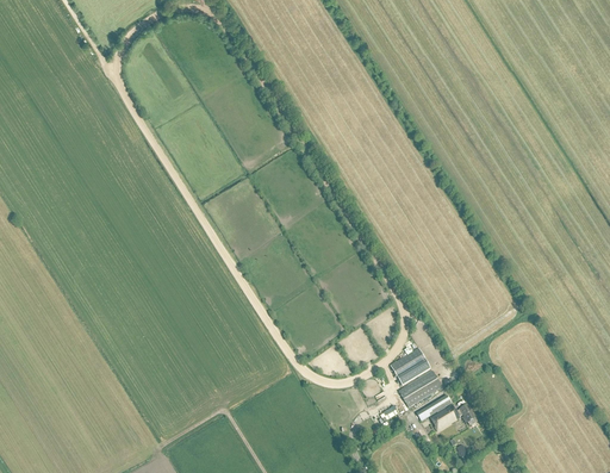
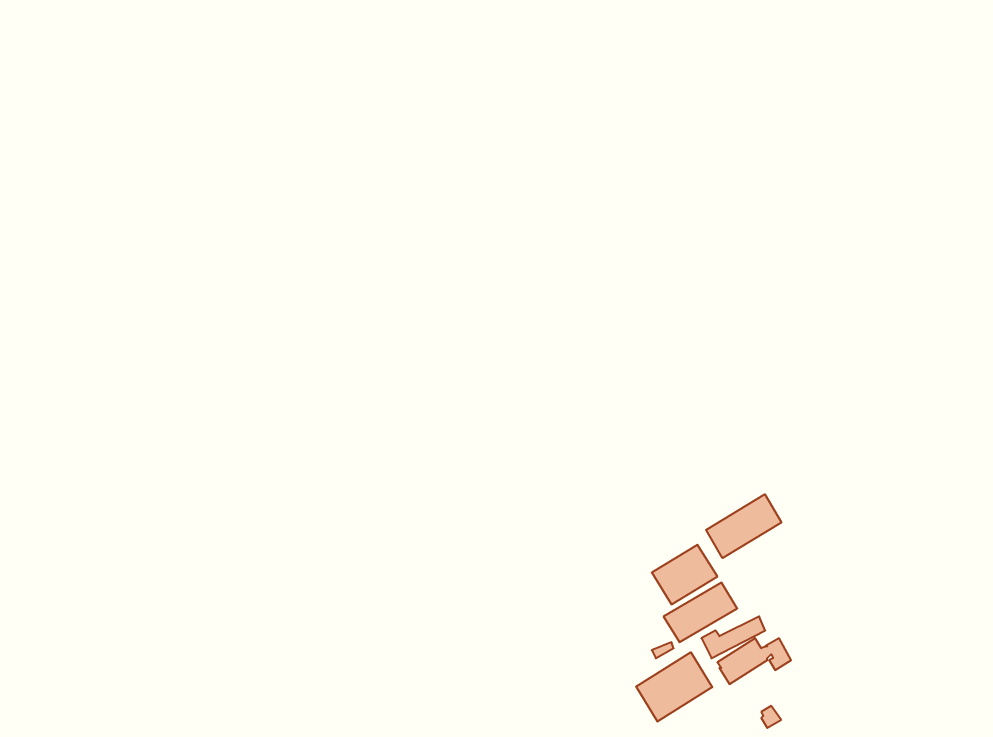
building: none -> [706,494,781,558]
building: none -> [636,652,712,722]

